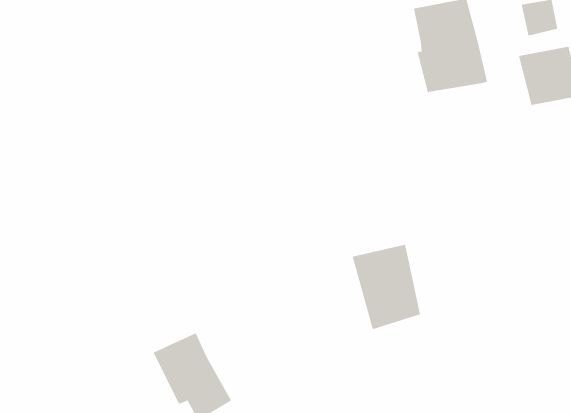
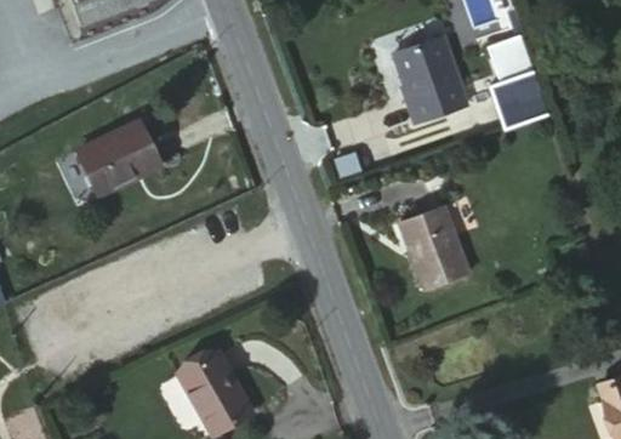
building: none -> [76,121,155,190]
building: [352,244,421,330] -> [400,209,466,287]

